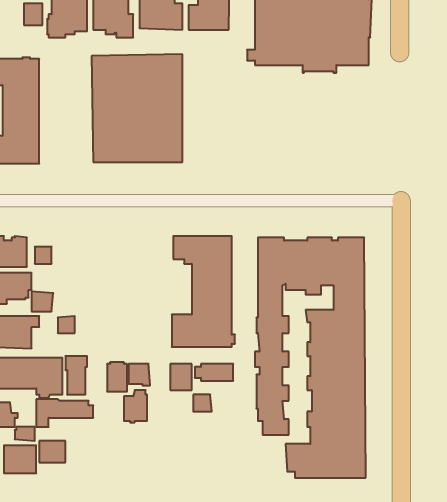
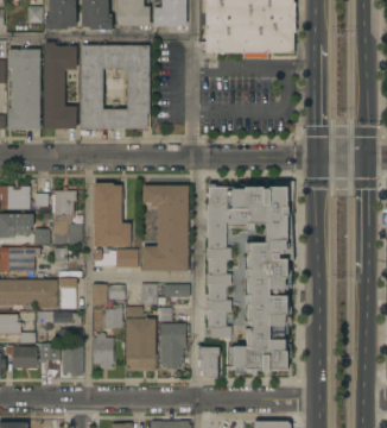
building: none -> [44,42,76,130]
building: none -> [94,183,138,268]
building: none -> [52,187,82,245]
building: none -> [126,307,156,371]
building: none -> [160,323,185,369]
building: none -> [93,333,113,369]
building: none -> [62,347,83,374]
building: none -> [198,347,220,378]

